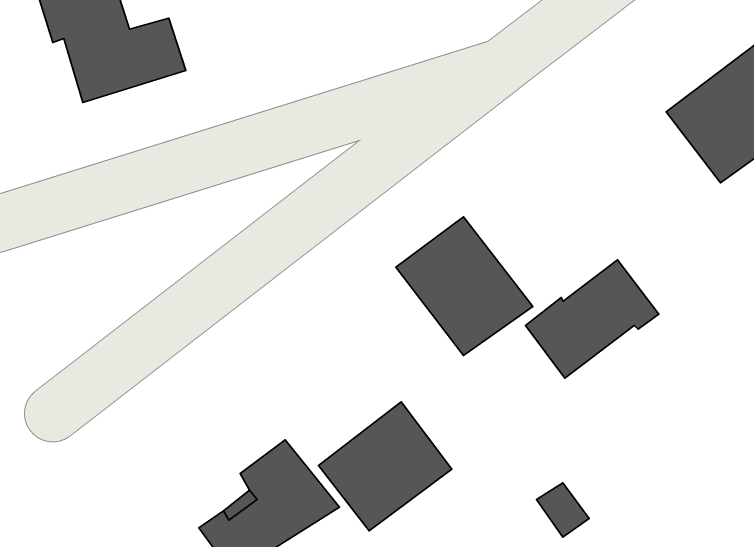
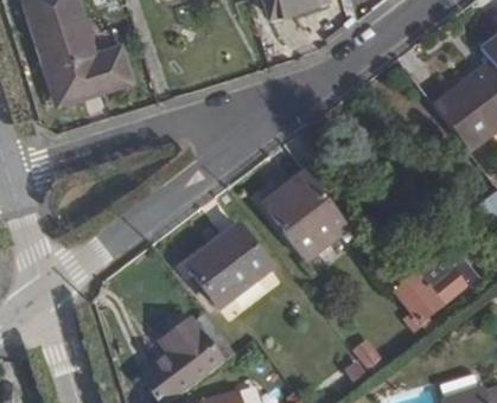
building: [526,260,659,378] -> [394,248,478,322]
building: [319,402,452,531] -> [184,225,268,307]

